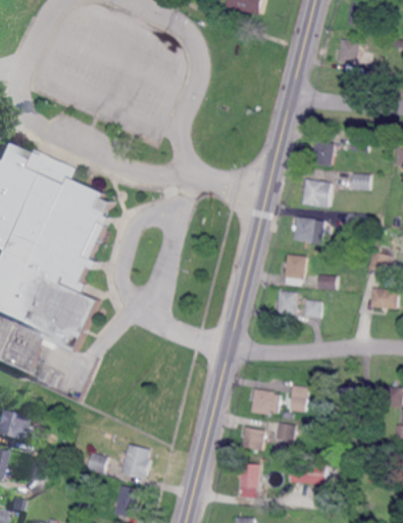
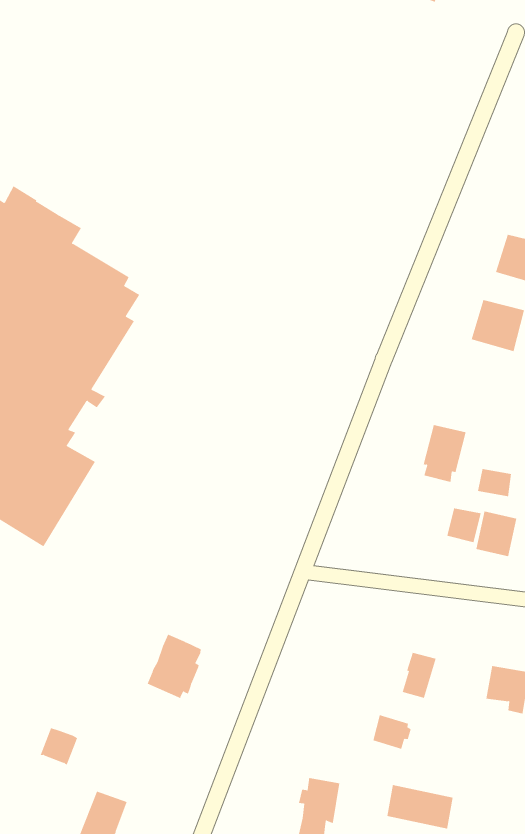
building: [293,217,326,244] -> none
building: [278,290,299,315] -> [476,511,517,557]
building: [252,388,283,414] -> none
building: [243,426,266,449] -> none
building: [123,443,152,479] -> [147,634,201,699]

